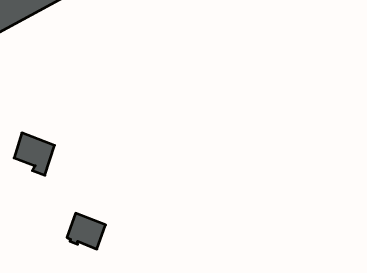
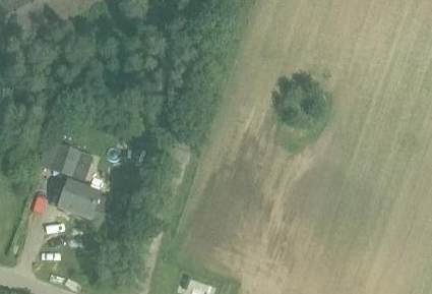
building: [67,213,106,249] -> [59,180,100,218]

